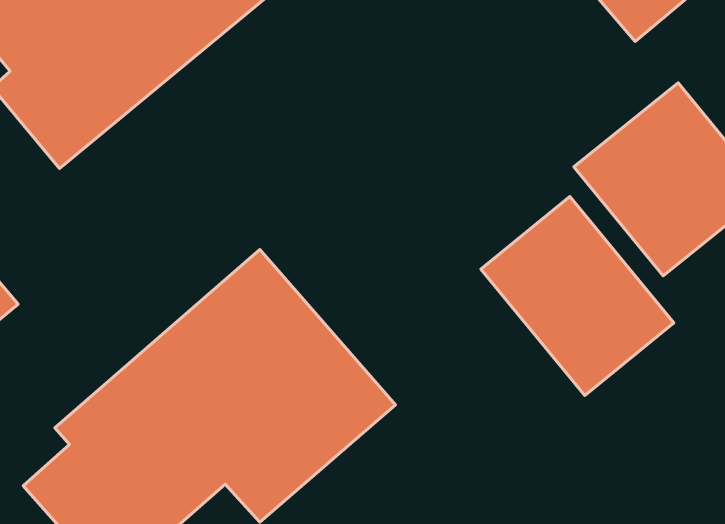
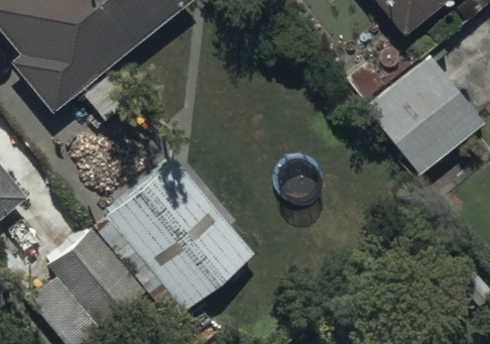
building: [481,197,674,396] -> none

